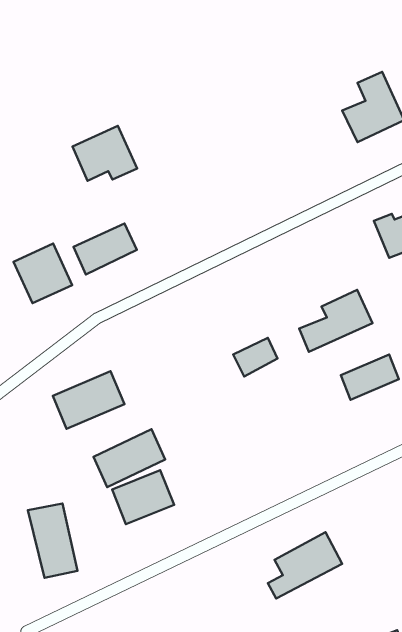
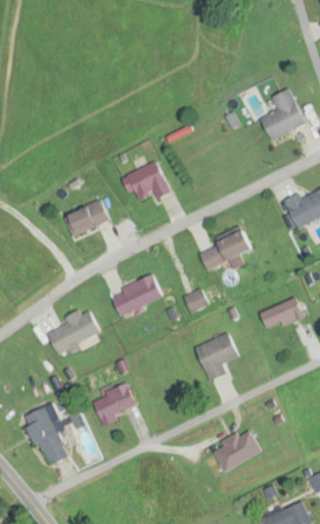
building: [72,126,137,181] -> [123,162,171,203]
building: [13,243,72,303] -> none
building: [299,290,372,352] -> [200,224,255,270]
building: none -> [193,333,239,382]
building: [94,429,165,487] -> [108,274,162,317]

